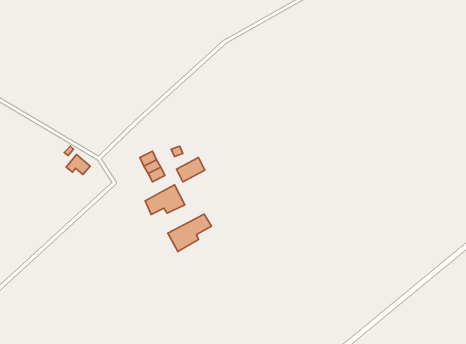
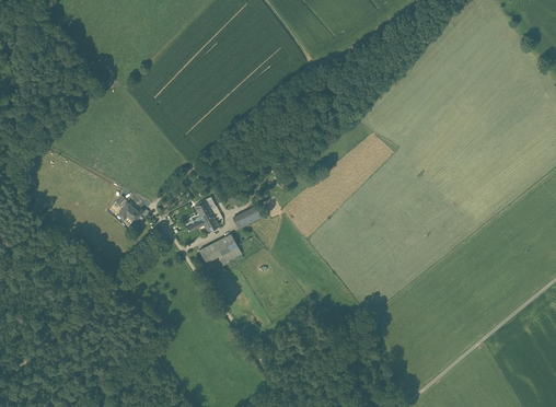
building: [168,214,212,252] -> none

